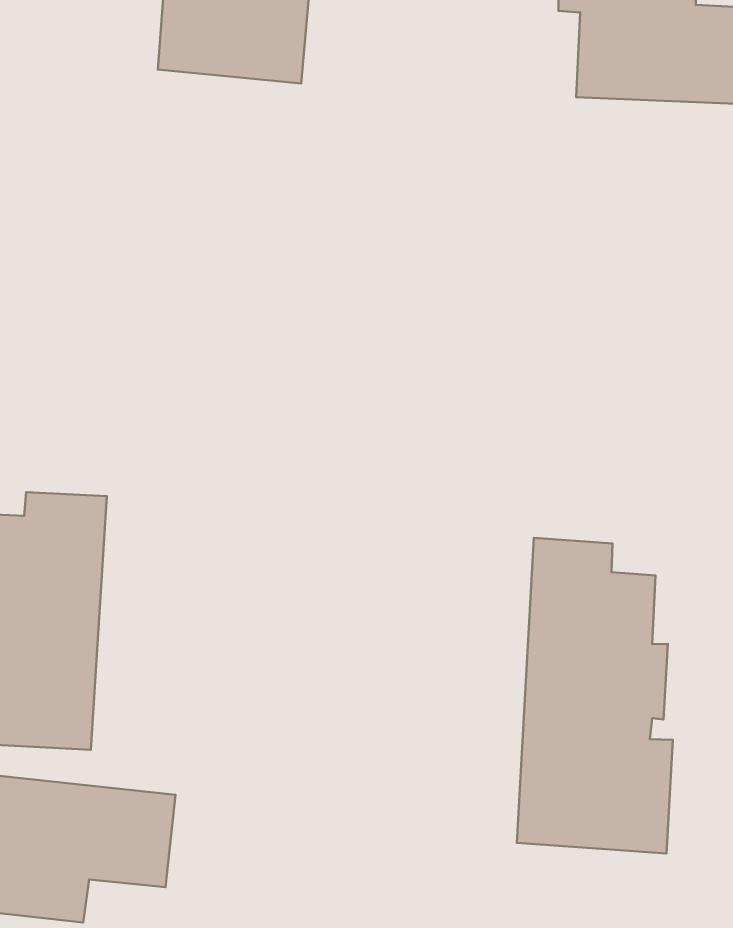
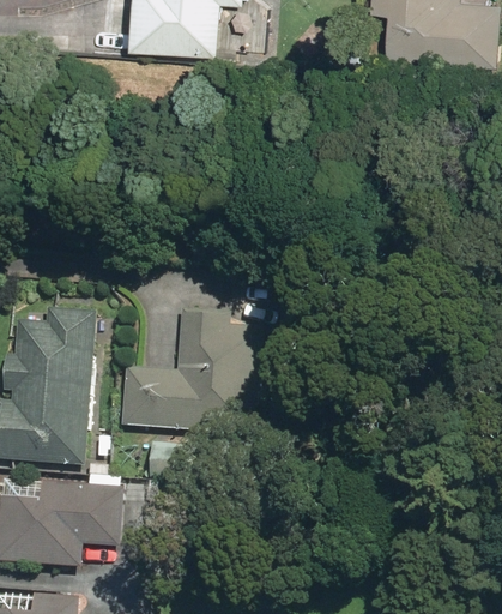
building: none -> [122,299,248,431]
building: [517,538,673,853] -> none

